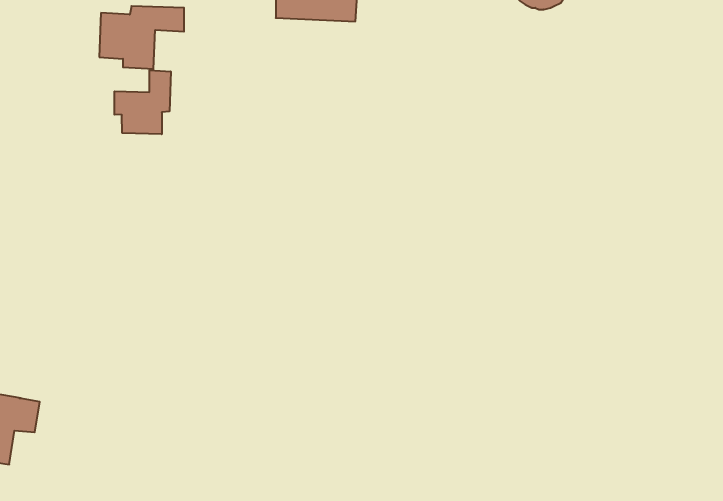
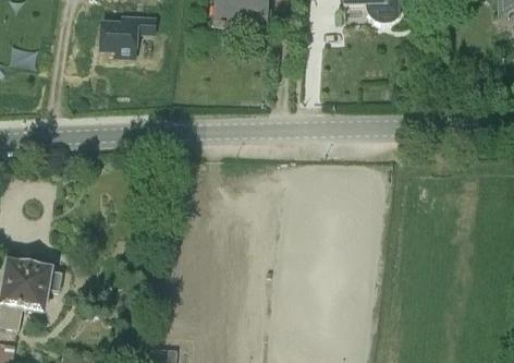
building: [114,70,171,134] -> none

